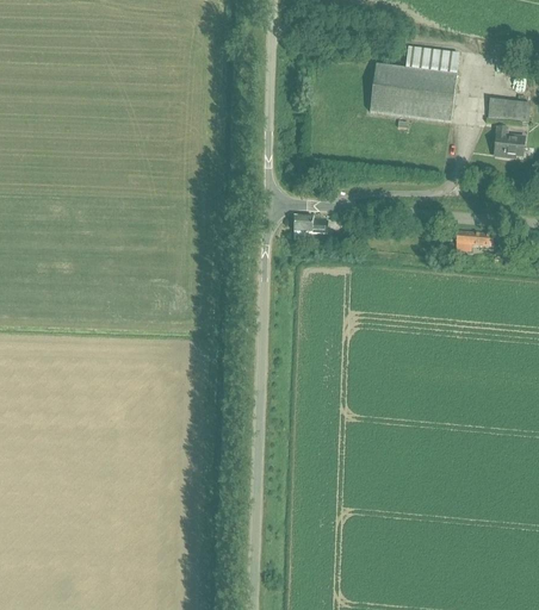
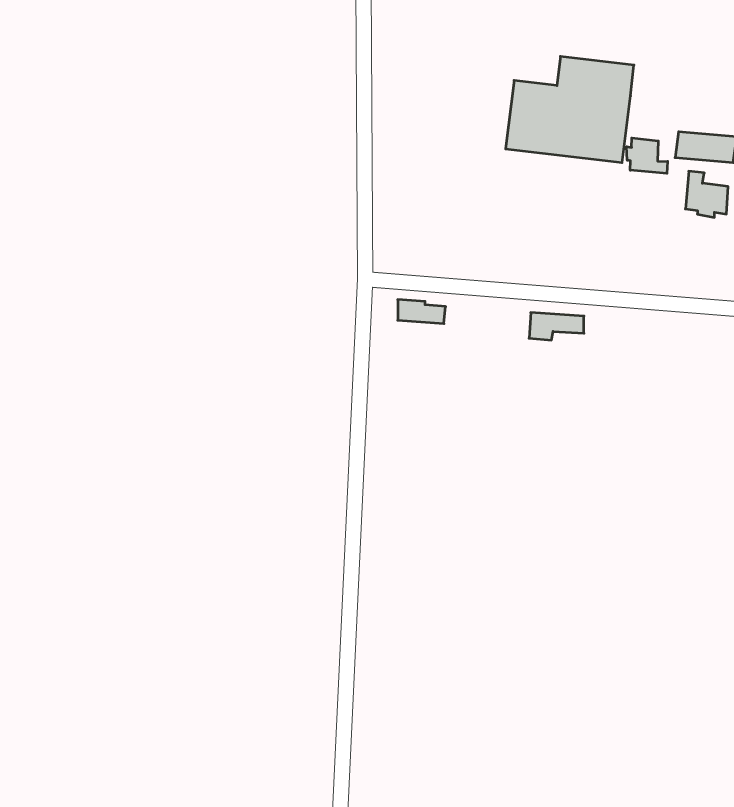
building: none -> [627,138,668,173]
building: [454,231,492,250] -> [529,313,584,340]

